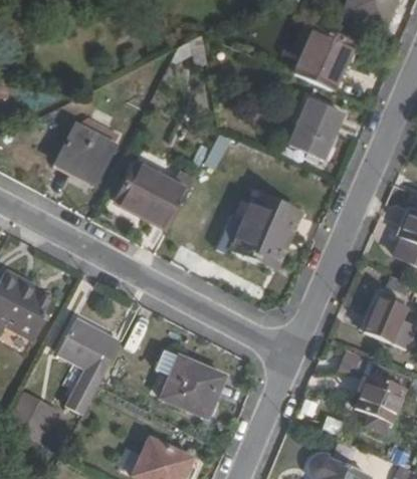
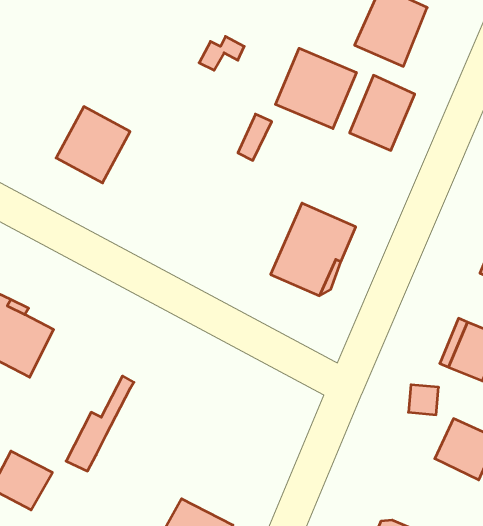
building: none -> [275,48,356,129]
building: [115,160,177,227] -> none
building: [58,320,109,371] -> none
building: [164,357,223,417] -> none

